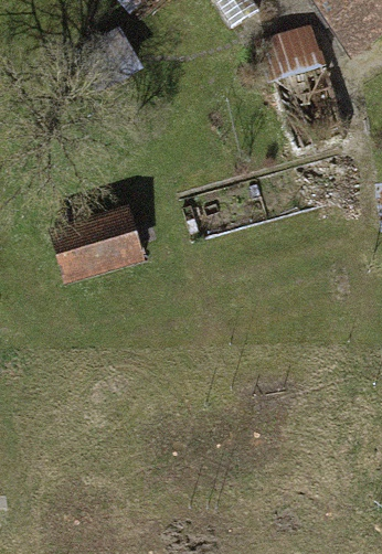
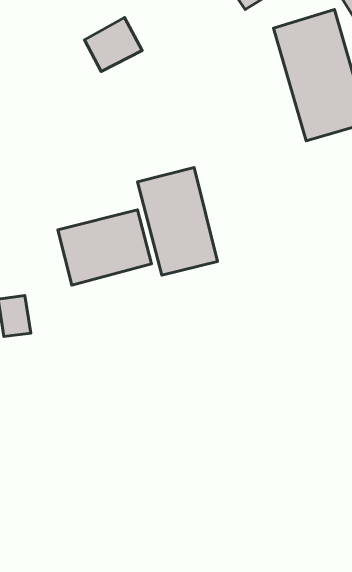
building: none -> [138,167,217,275]

